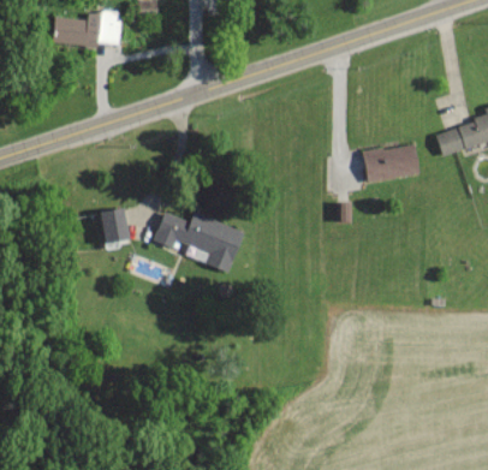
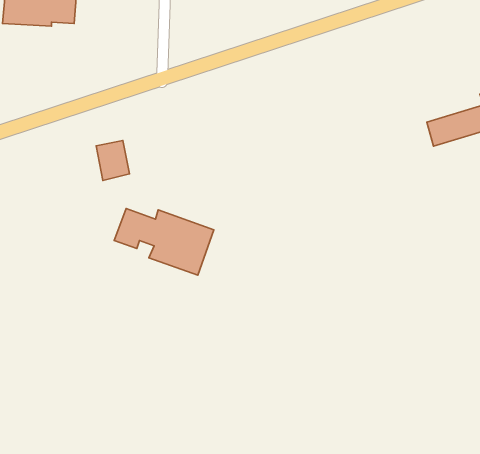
building: [363,143,419,183] -> none
building: [100,208,130,244] -> [96,141,130,181]

